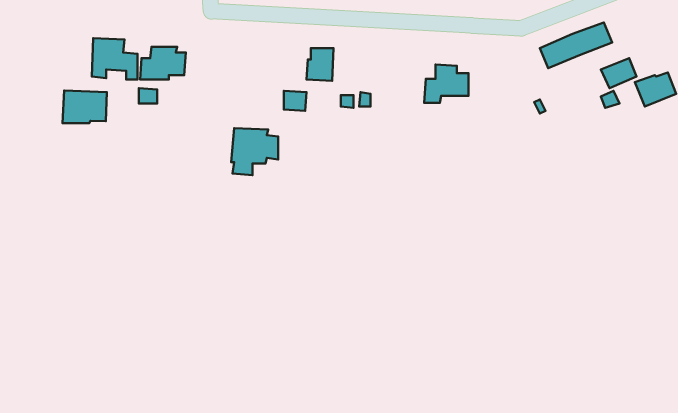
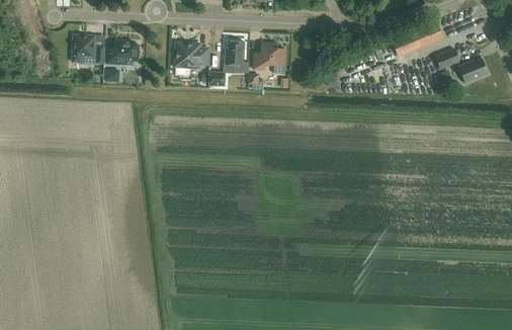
building: [424,65,468,103] -> [253,43,284,70]
building: [63,90,107,123] -> none
building: [231,128,278,175] -> [174,43,207,76]

